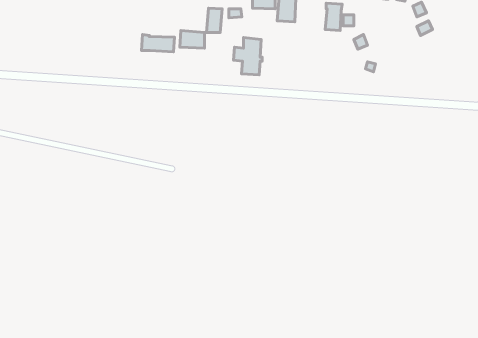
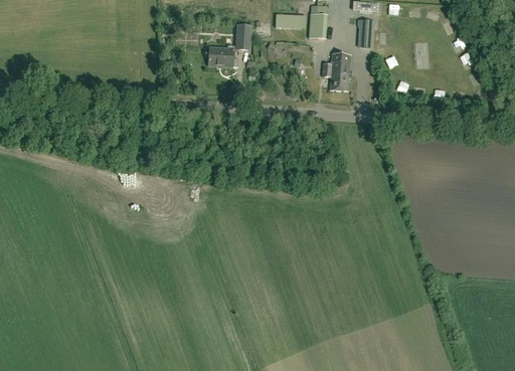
building: [141,35,174,52] -> none
building: [234,37,262,75] -> [321,53,350,91]

